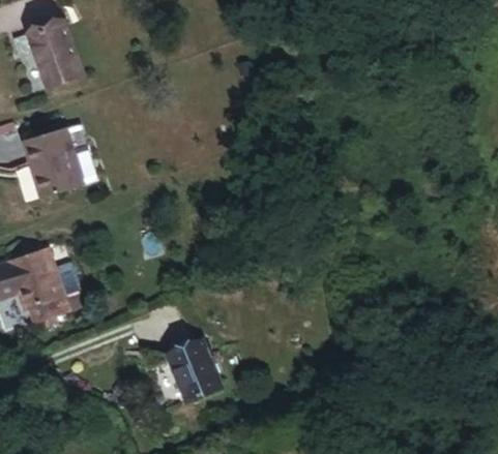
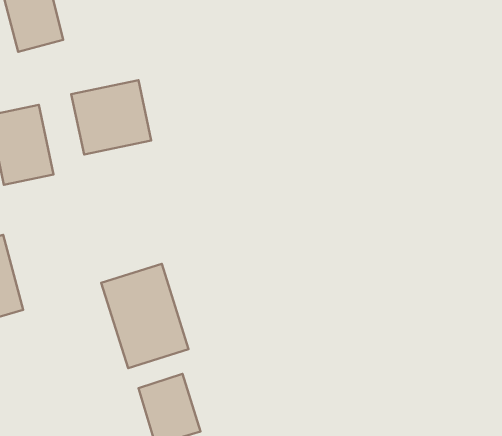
building: none -> [71,80,151,155]
building: none -> [101,264,188,368]

